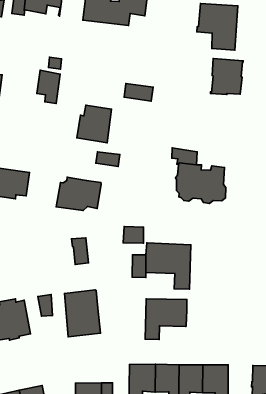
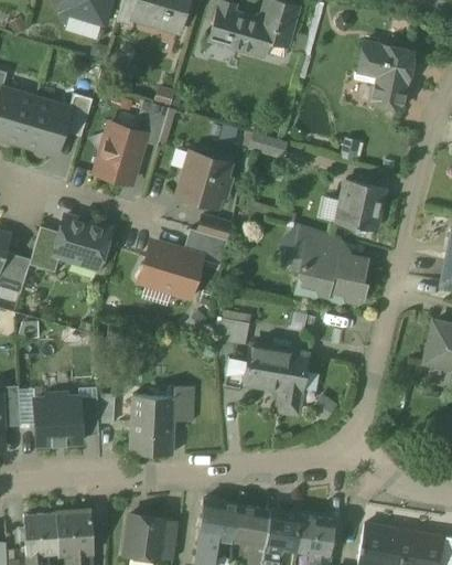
building: [210,58,243,94] -> [335,180,384,232]
building: none -> [96,125,144,183]
building: none -> [182,228,227,265]
building: [71,238,88,265] -> [173,386,192,420]
building: [145,299,187,340] -> none

